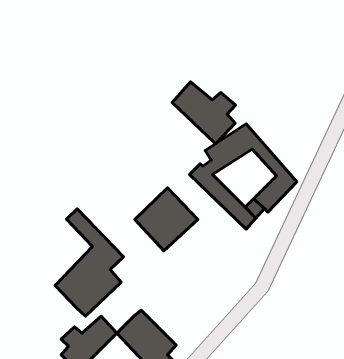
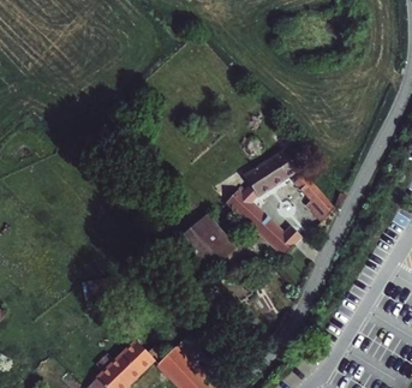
building: [172,82,236,144] -> none
building: [55,209,123,316] -> none

